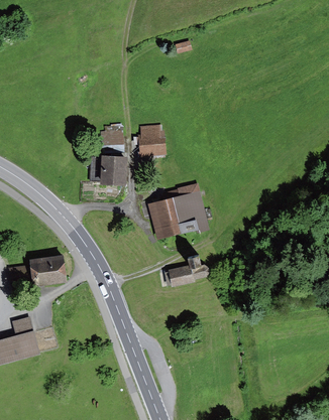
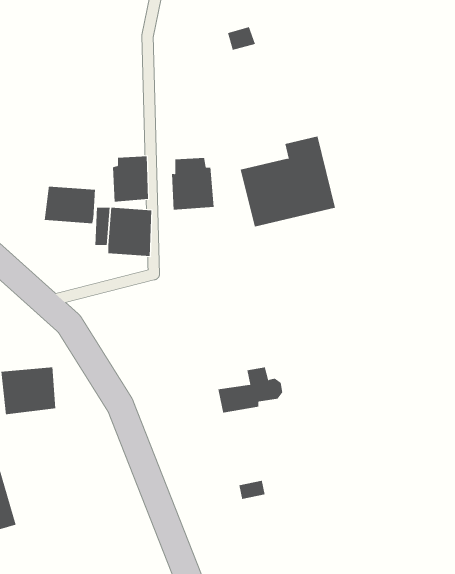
building: none -> [44,186,95,224]
building: [148,182,209,240] -> [240,136,336,227]

